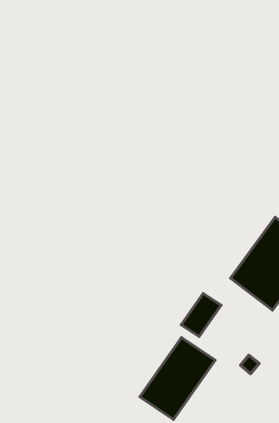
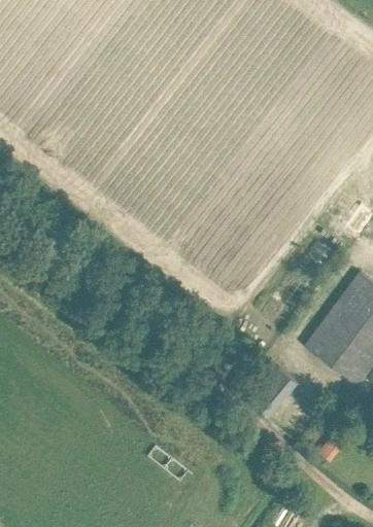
building: [140,338,215,420] -> none

